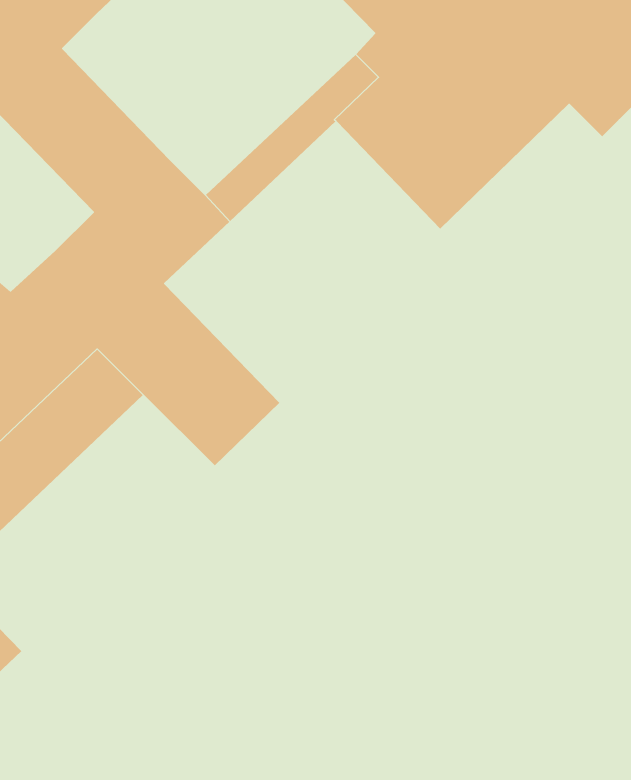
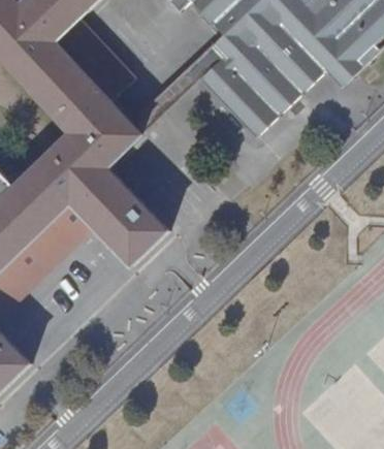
building: none -> [54,20,130,98]

